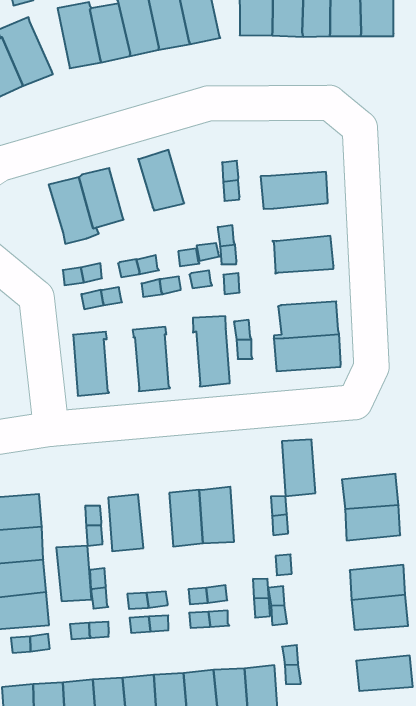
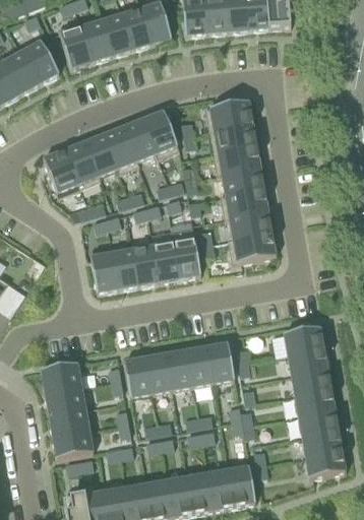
building: none -> [204,102,253,131]
building: none -> [143,111,179,159]
building: none -> [104,127,139,175]
building: none -> [43,150,78,198]
building: none -> [213,145,260,177]
building: none -> [220,190,268,219]
building: none -> [153,242,180,282]
building: none -> [111,250,138,289]
building: [282,440,315,496] -> [207,343,234,384]
building: none -> [291,369,331,396]
building: [56,546,91,601] -> [144,354,172,394]
building: none -> [302,431,342,458]

